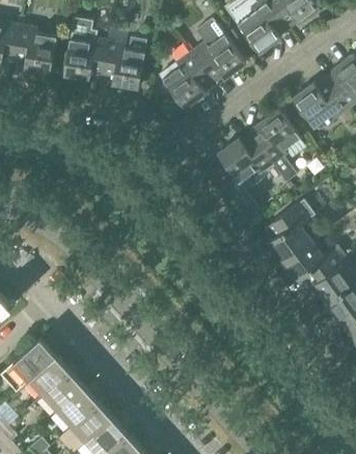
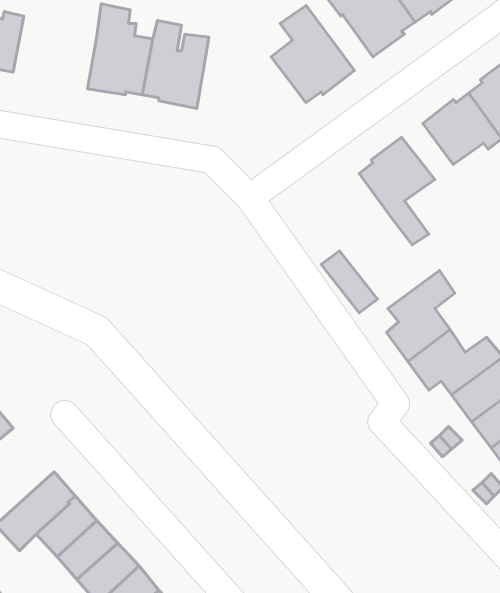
building: [12,26,56,74] -> none
building: [160,54,213,109] -> none
building: [218,134,272,183] -> none

